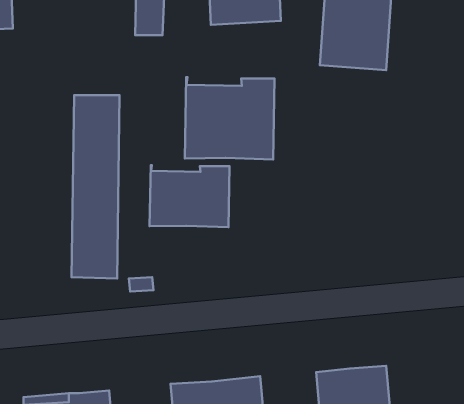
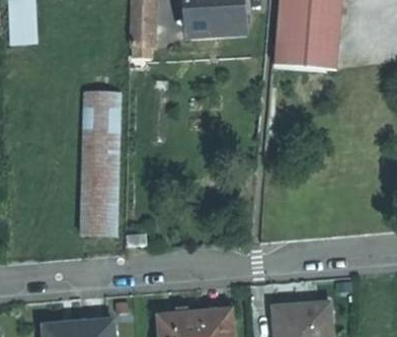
building: [185,77,274,160] -> none
building: [150,165,230,227] -> none

